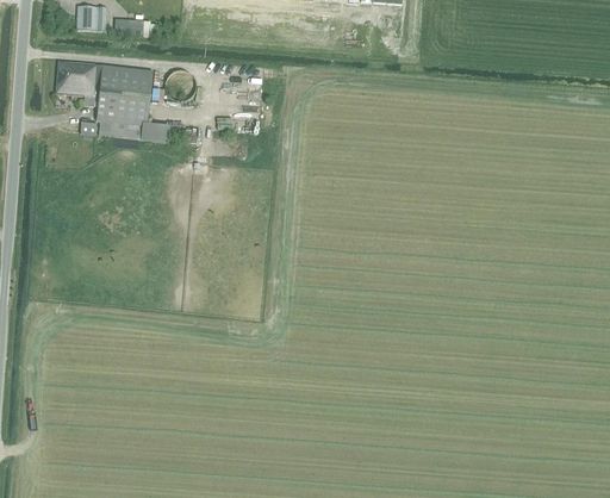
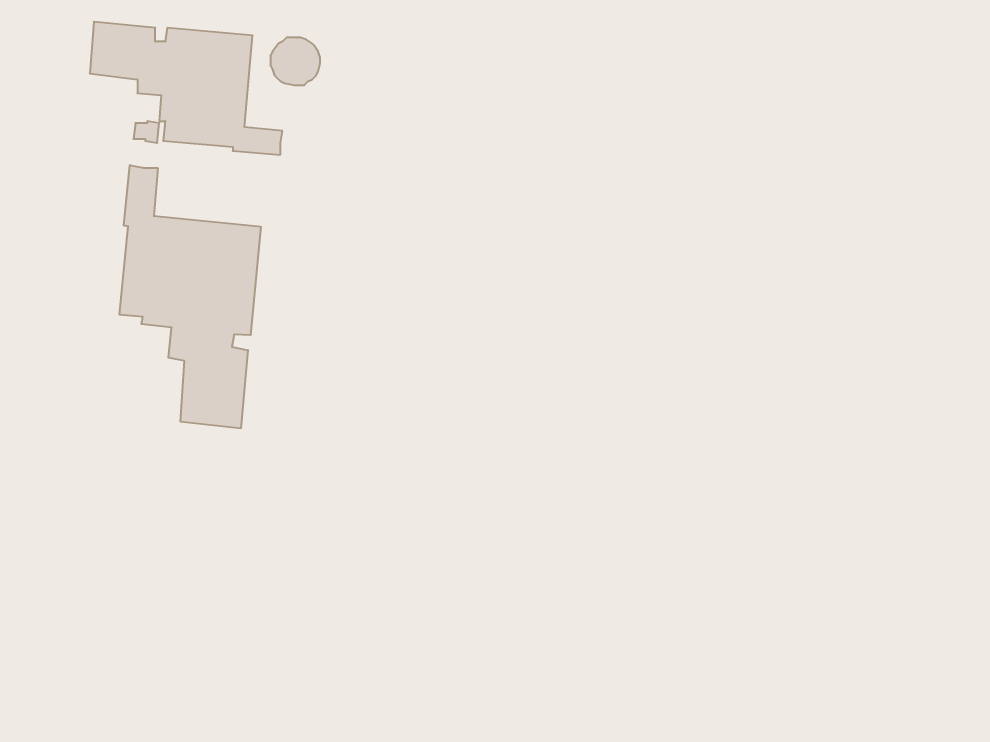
building: none -> [120,165,261,428]

